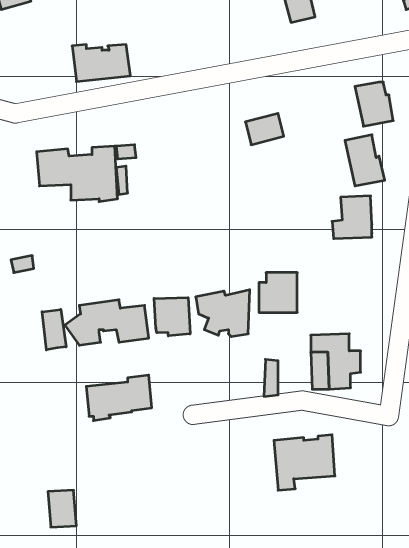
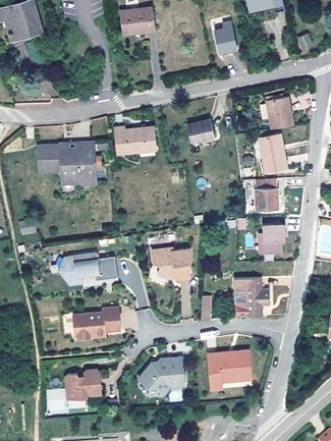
building: [72,45,130,82] -> [114,126,156,153]
building: [259,273,297,312] -> [256,226,283,255]
building: [154,298,190,336] -> none
building: [42,309,66,350] -> none
building: none -> [137,356,184,392]
building: none -> [64,370,101,400]

